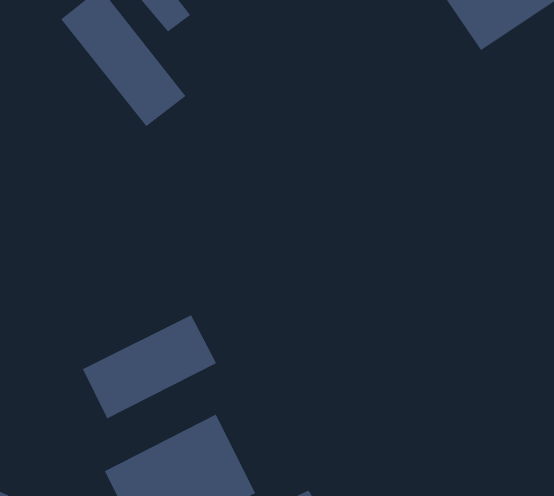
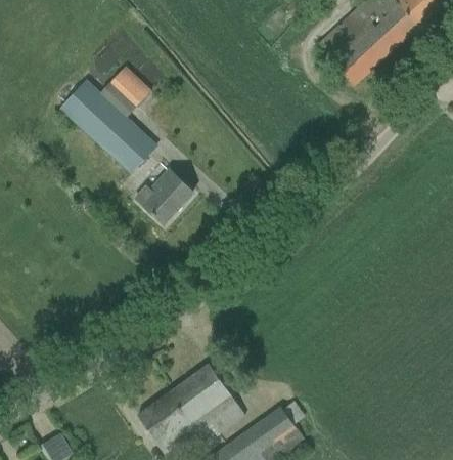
building: none -> [135,169,192,223]
building: [82,314,217,420] -> none

